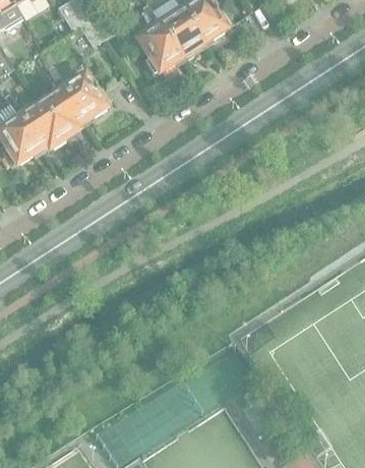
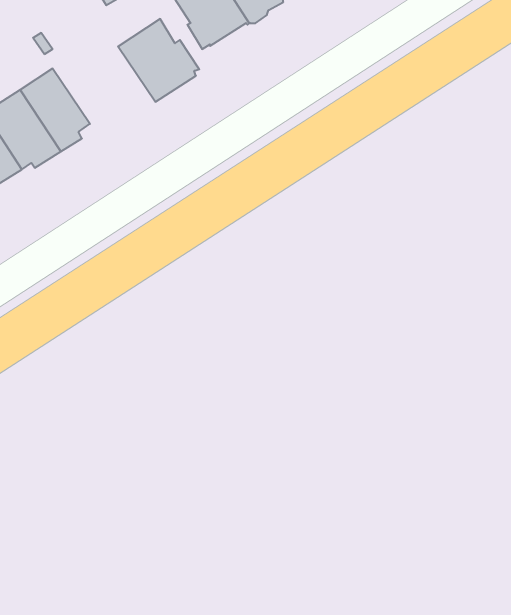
building: [60,70,111,122] -> [118,19,199,102]

